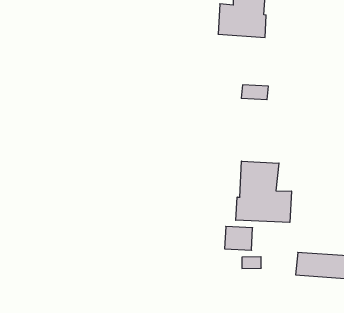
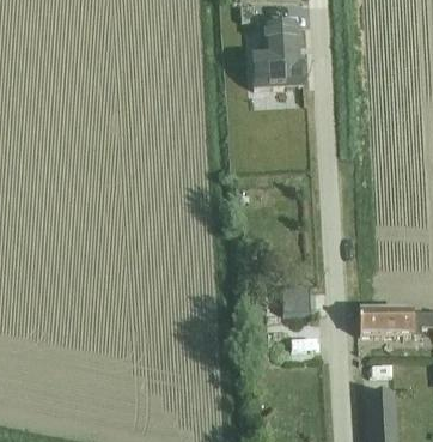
building: [236,161,291,222] -> none

